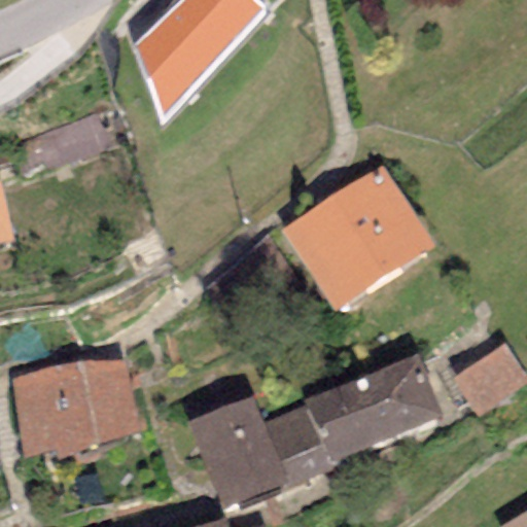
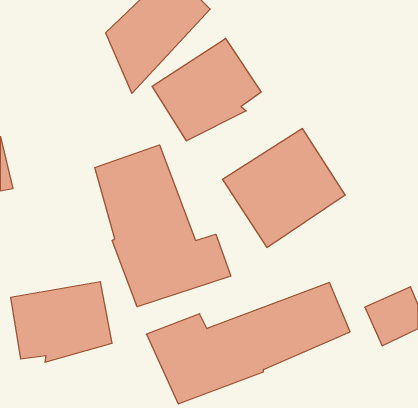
building: none -> [152,38,261,141]
building: none -> [95,145,231,307]

